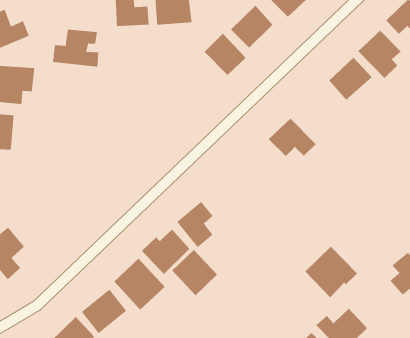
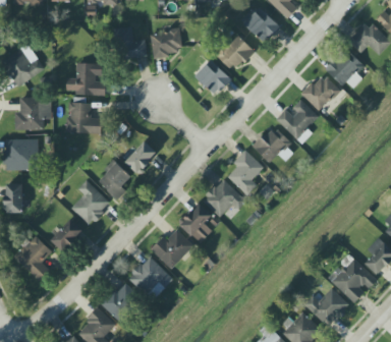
building: none -> [66,102,101,133]
building: none -> [275,101,319,144]
building: none -> [124,140,158,174]
building: none -> [227,150,263,194]
building: none -> [98,162,131,201]
building: none -> [70,180,110,225]
building: none -> [202,178,245,217]
building: none -> [50,219,82,251]
building: [304,246,358,298] -> [331,258,377,302]
building: [171,249,218,296] -> none

